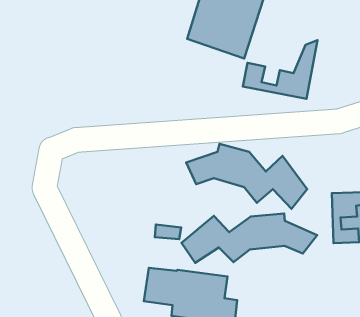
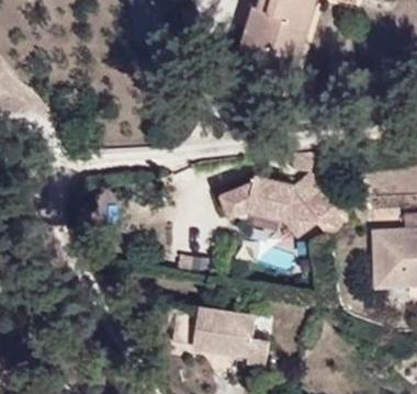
building: [243,40,318,99] -> none
building: [181,213,317,263] -> none

